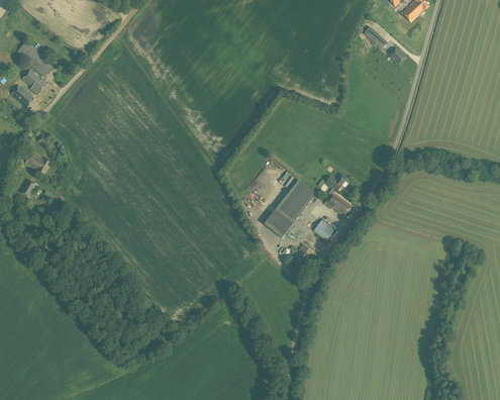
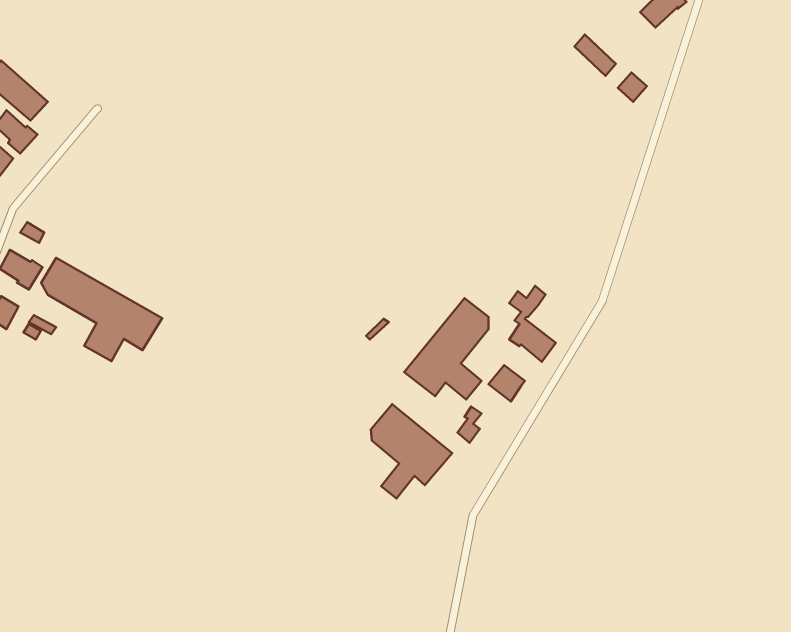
building: none -> [41,258,162,361]
building: none -> [371,404,452,499]

